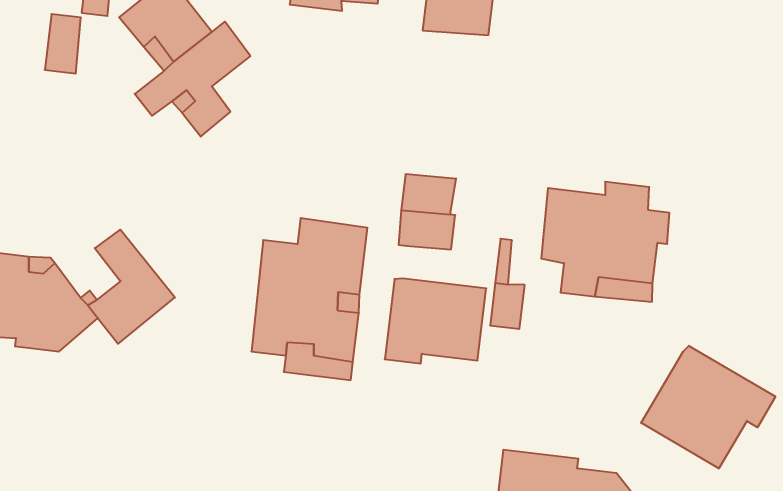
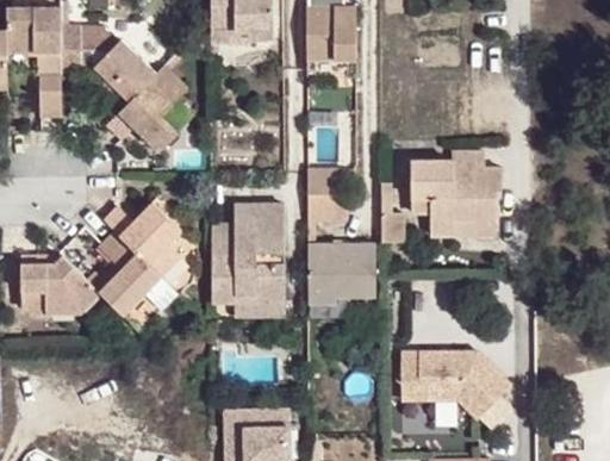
building: none -> [95,200,170,272]
building: [641,346,775,469] -> none

